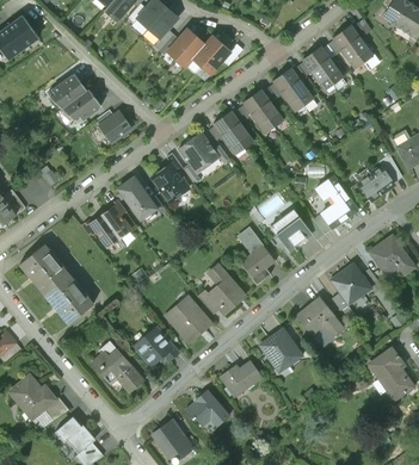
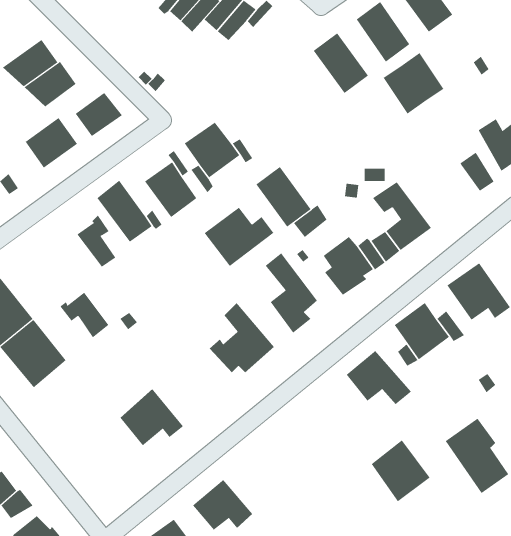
building: none -> [383,52,444,114]
building: [242,89,282,134] -> none
building: [212,111,253,155] -> [255,166,312,227]
building: none -> [25,117,78,168]
building: [356,166,394,202] -> none
building: none -> [204,207,274,267]
building: [82,215,118,248] -> [60,292,109,338]
building: [164,296,210,343] -> none
building: [258,328,301,373] -> [371,439,430,502]
building: [91,349,143,392] -> none
building: [218,361,259,397] -> none

